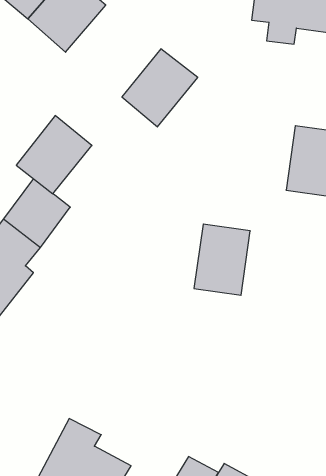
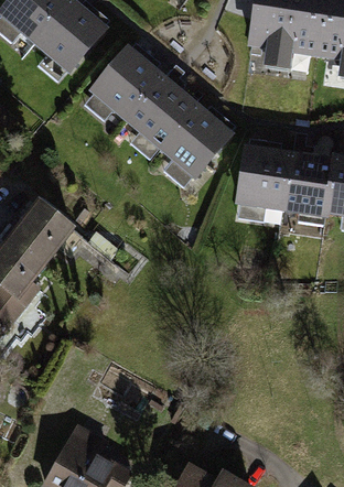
building: none -> [159,101,232,176]
building: [16,116,92,194] -> [89,45,162,120]
building: [194,224,250,295] -> [237,141,291,209]

